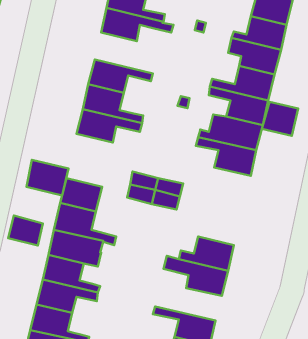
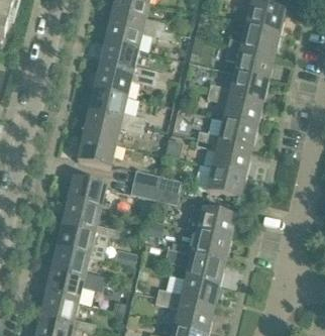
building: none -> [100,38,155,77]
building: [262,102,298,136] -> none
building: [27,160,69,195] -> [78,133,117,166]
building: none -> [206,164,246,197]
building: none -> [186,203,236,237]
building: [8,215,43,245] -> none
building: none -> [156,277,219,308]

